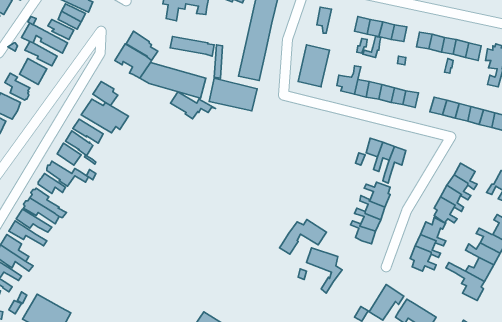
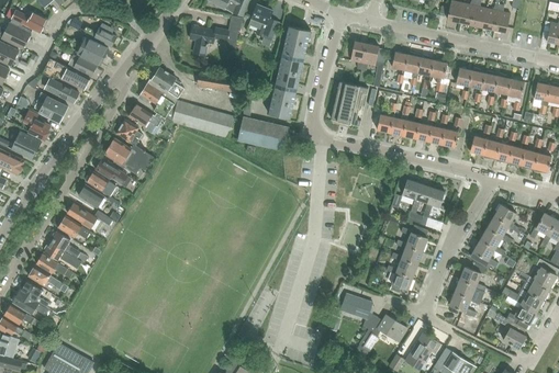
building: none -> [358,44,385,83]
building: [171,92,216,119] -> [127,104,175,133]
building: [279,220,327,254] -> [358,315,407,351]

